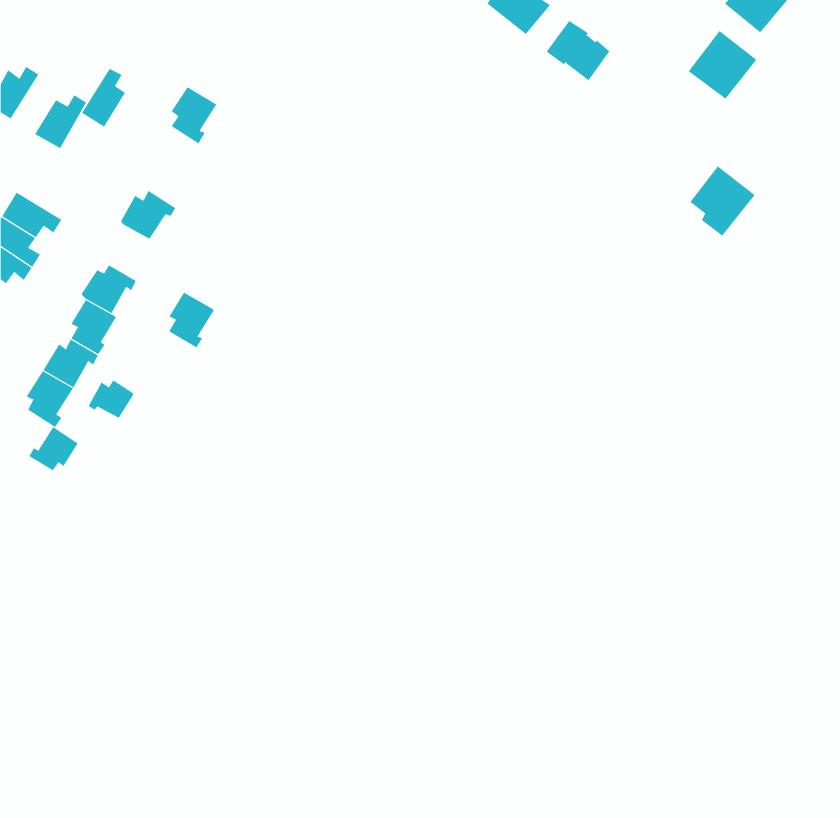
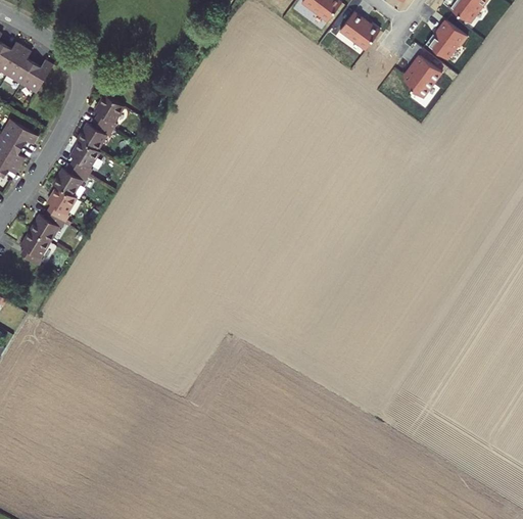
building: [81,68,126,128] -> [8,47,36,84]
building: [171,86,217,144] -> [93,94,122,130]
building: [690,166,756,237] -> [405,54,445,98]
building: [169,292,215,348] -> [68,140,97,175]
building: [88,380,134,419] -> none
building: [29,426,78,471] -> none

